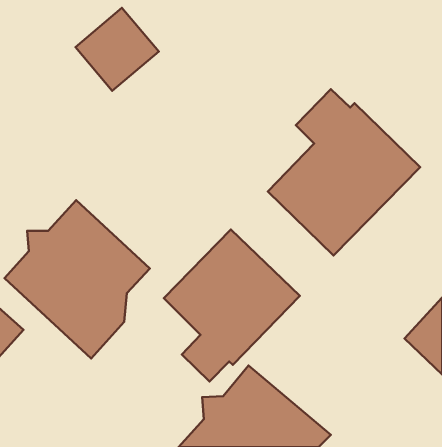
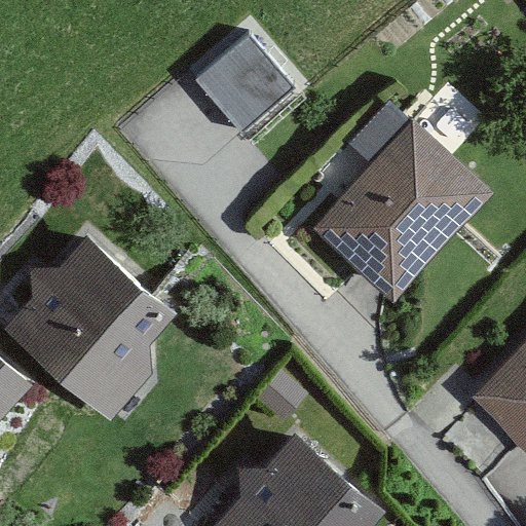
building: [76,8,159,91] -> [191,39,289,137]
building: [164,229,300,382] -> none

